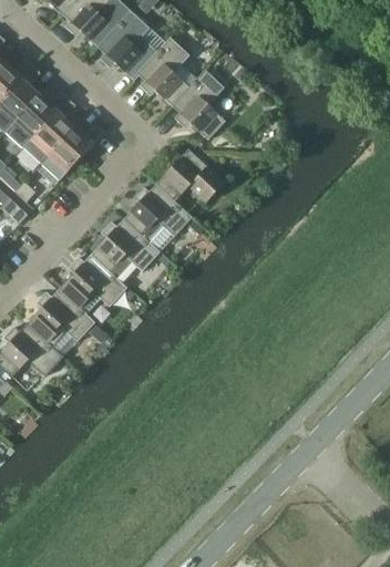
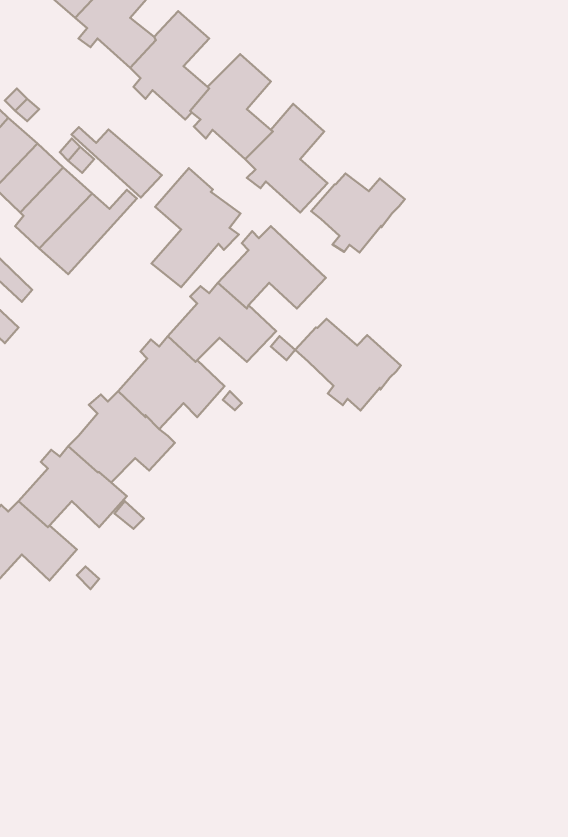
building: none -> [71,127,162,198]
building: none -> [152,168,241,287]
building: none -> [311,173,405,252]
building: none -> [295,319,401,410]

